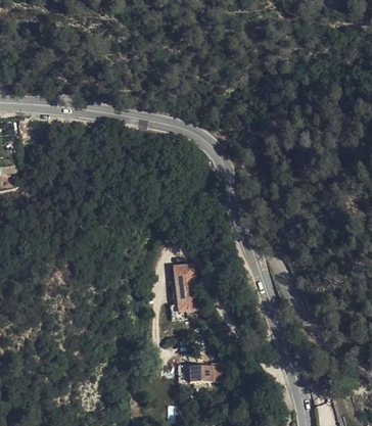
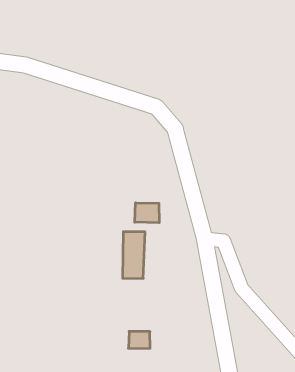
building: none -> [135,203,159,223]

